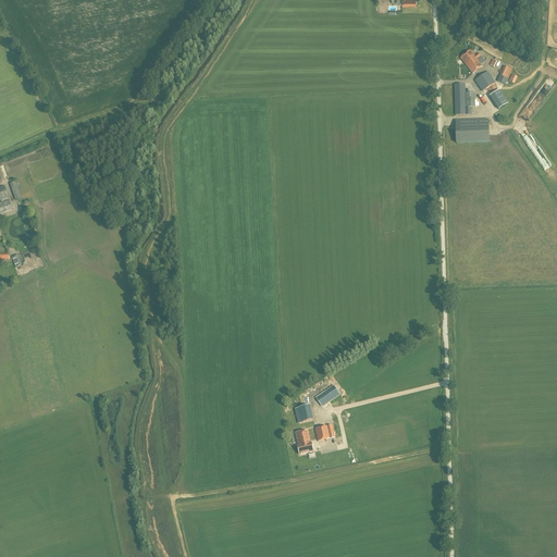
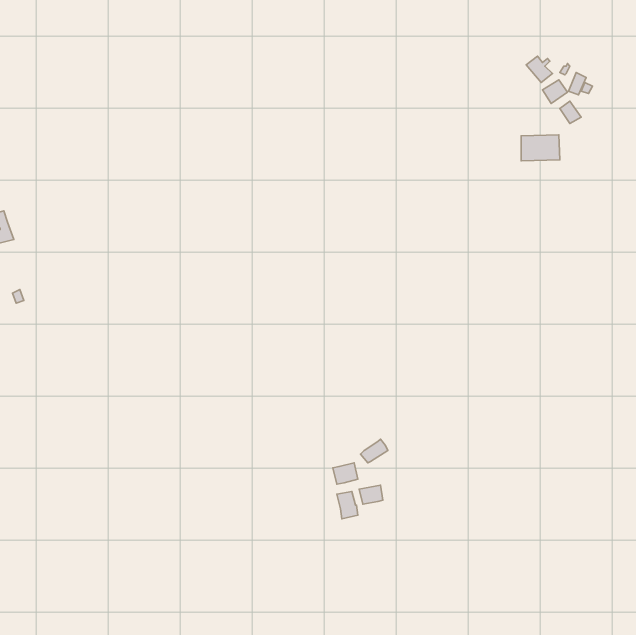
building: [453,82,474,113] -> none

